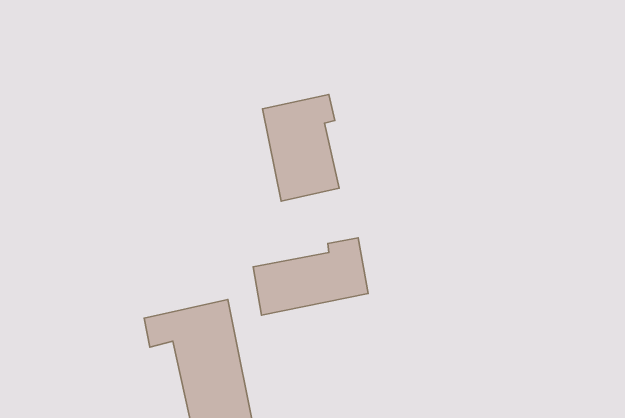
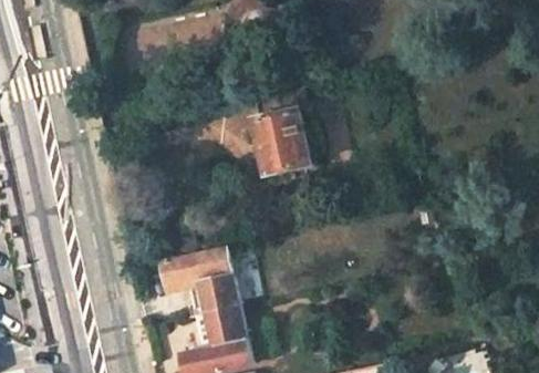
building: [253,238,368,315] -> none

